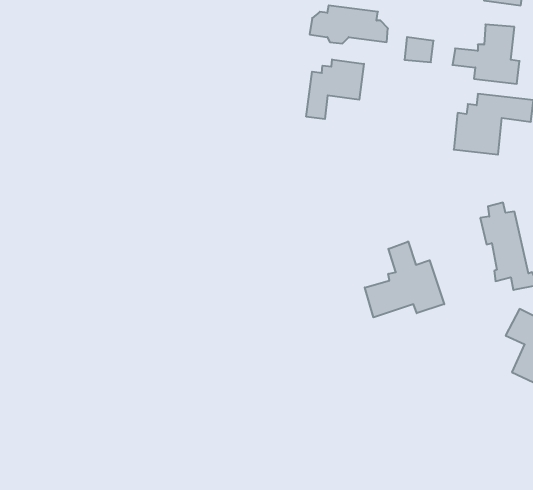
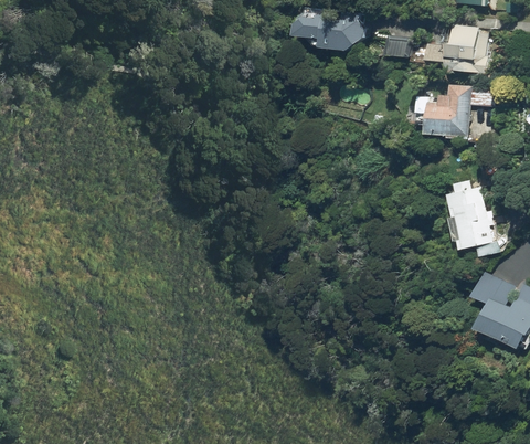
building: [306,59,364,119] -> none
building: [365,241,444,317] -> none

